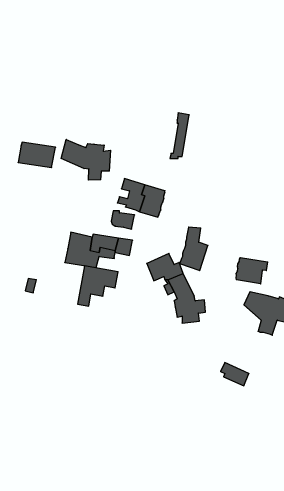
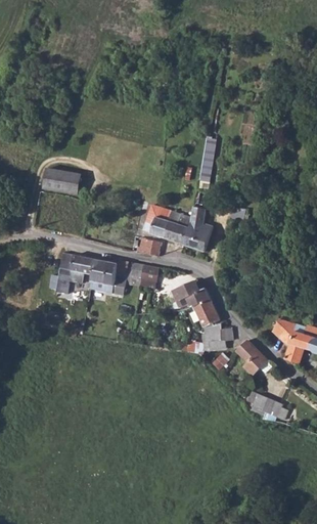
building: [61,139,110,180] -> none
building: [179,227,208,271] -> [184,207,213,251]
building: [236,258,268,284] -> none
building: [78,266,118,306] -> [55,253,96,294]
building: none -> [236,340,267,376]

